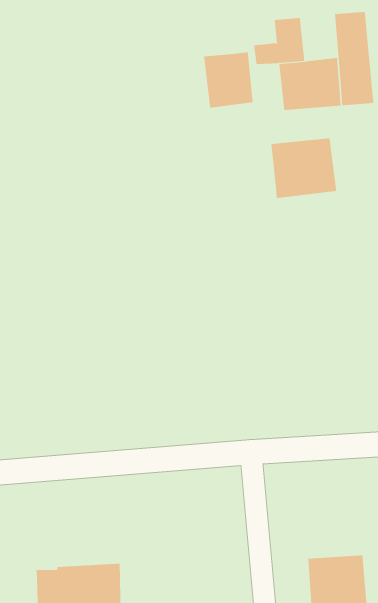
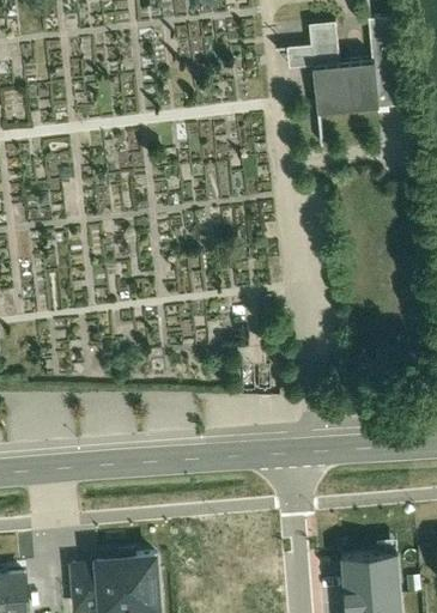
building: [204,51,253,109] -> none
building: [271,138,337,199] -> none

